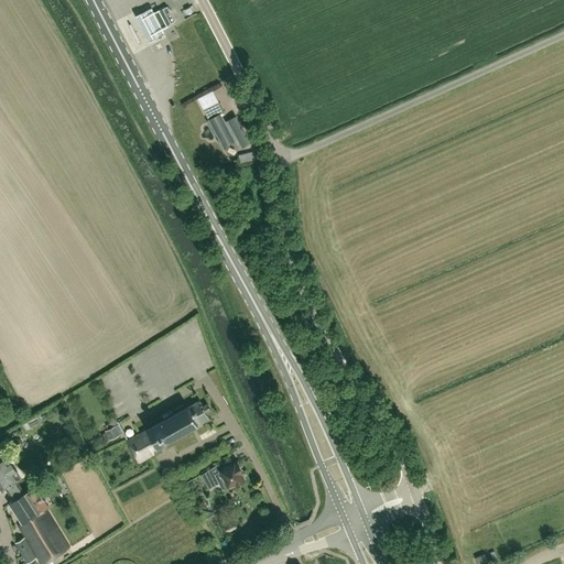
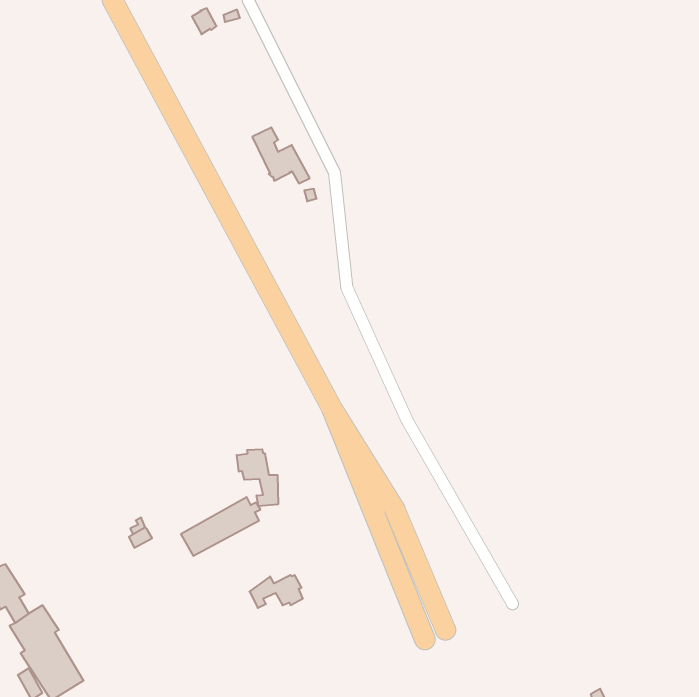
building: none -> [237,449,278,506]
building: [127,432,155,465] -> none

